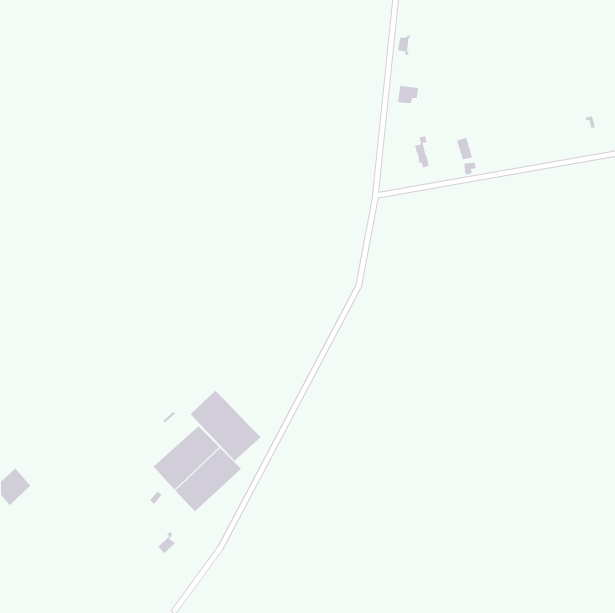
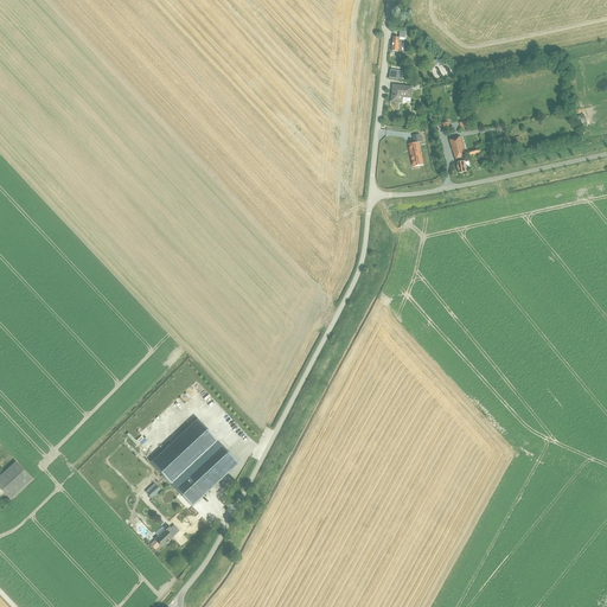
building: [190,390,262,461] -> none

